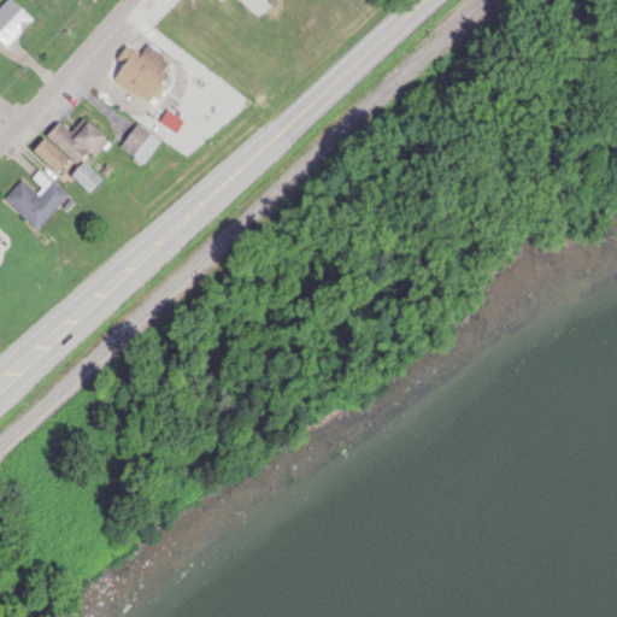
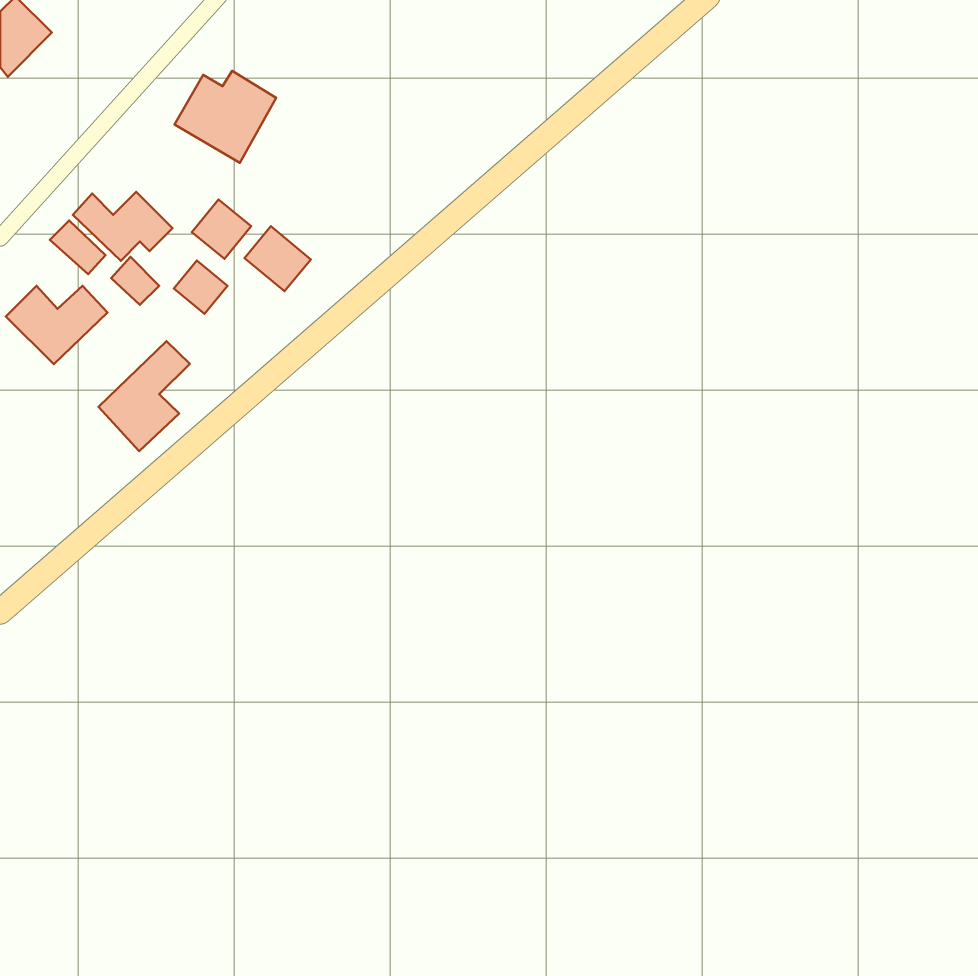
building: none -> [244,226,311,291]
building: none -> [174,261,228,314]
building: none -> [99,341,190,451]

